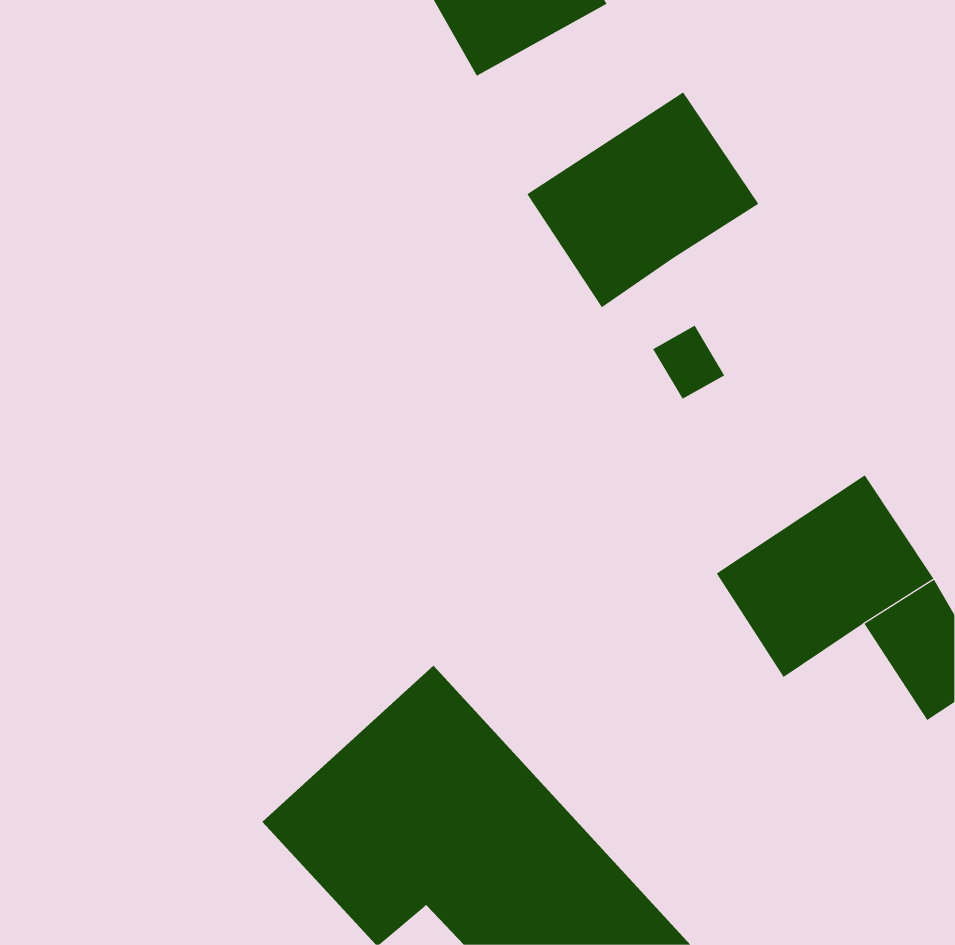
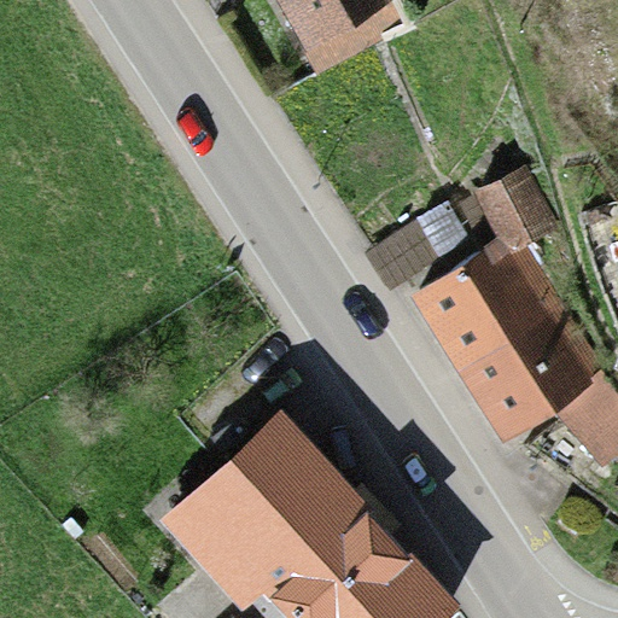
building: [527,92,759,308] -> none
building: none -> [413,177,559,371]

